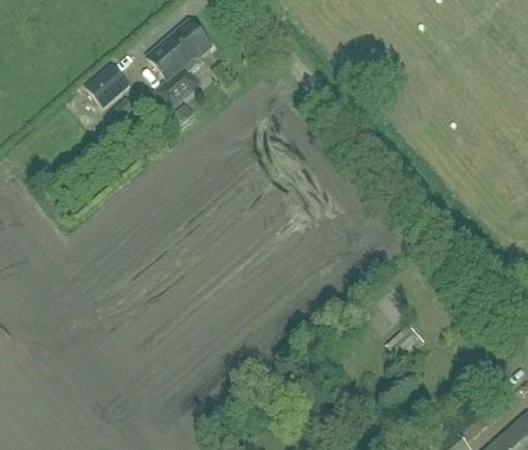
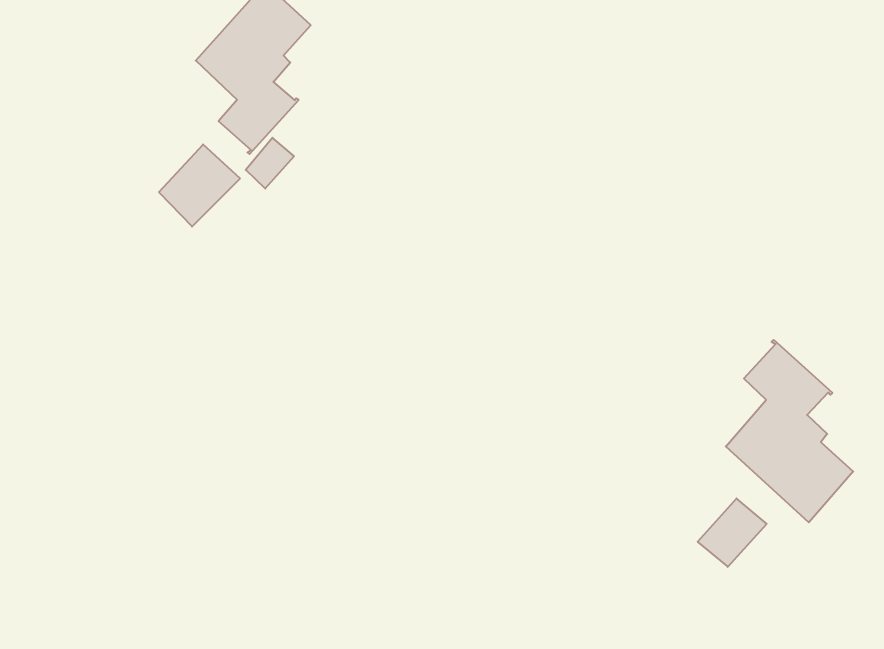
building: [87,63,131,106] -> [159,144,240,227]
building: none -> [726,340,853,522]

